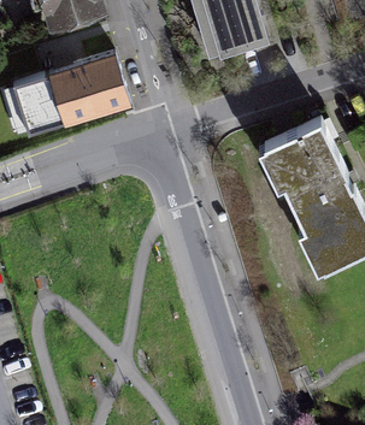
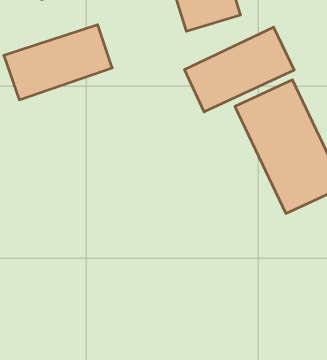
building: none -> [185,27,294,112]

